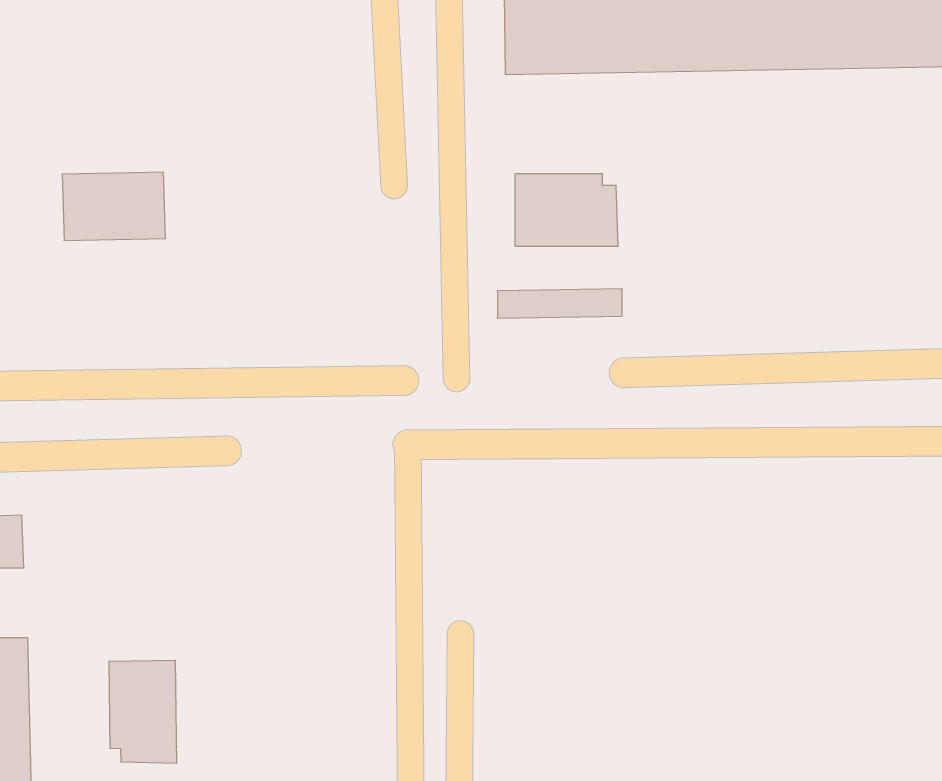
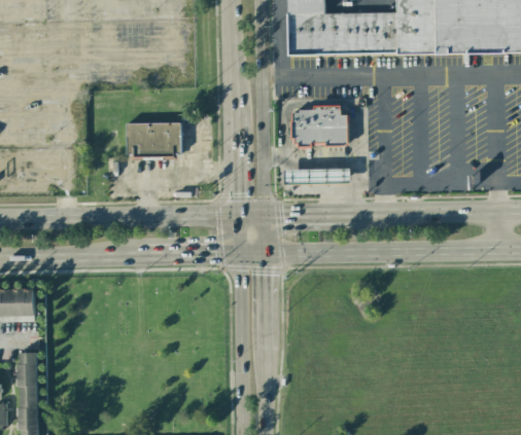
building: [62,172,165,240] -> [126,121,180,157]
building: [109,660,177,764] -> none

